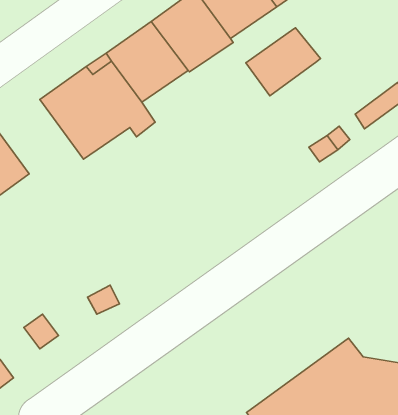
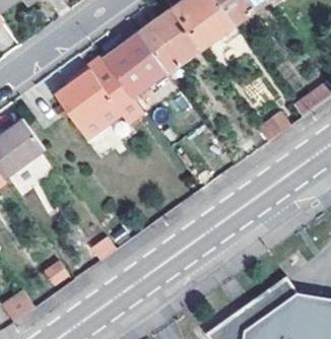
building: [246,28,321,96] -> none

